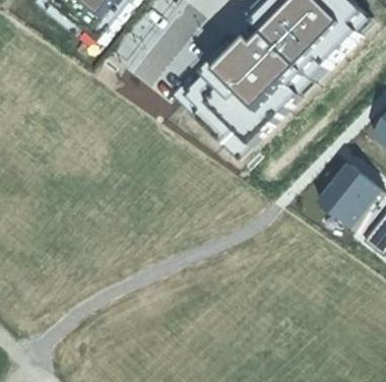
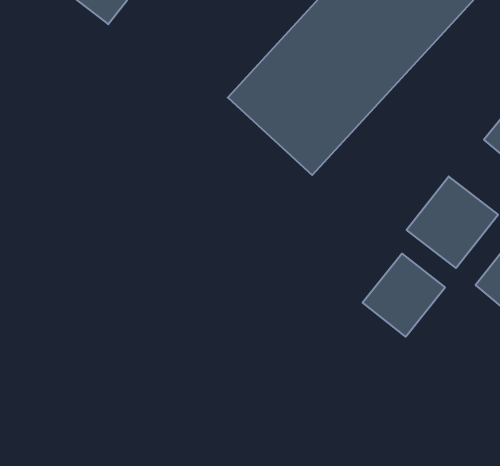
building: none -> [363,254,445,337]

